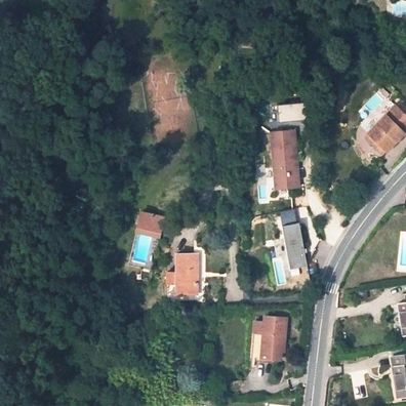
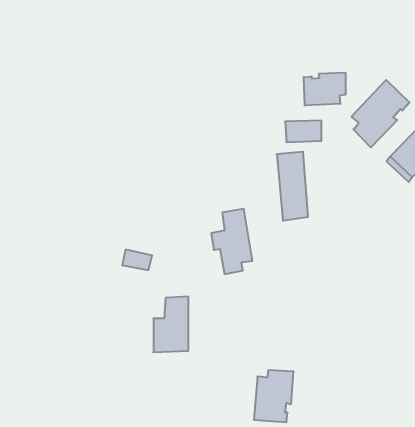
building: none -> [304,73,346,106]
building: none -> [352,80,410,147]
building: [273,222,308,278] -> [211,209,252,274]

